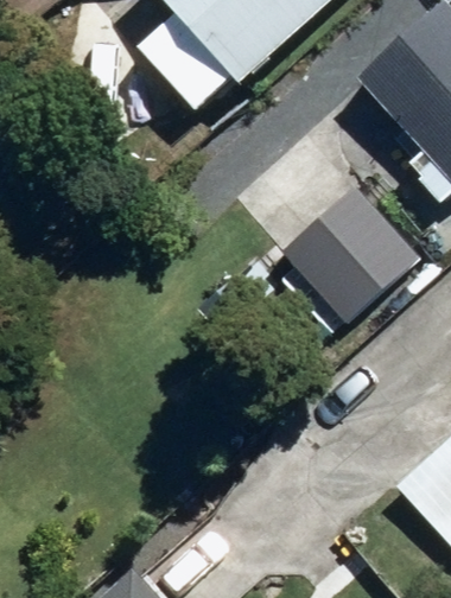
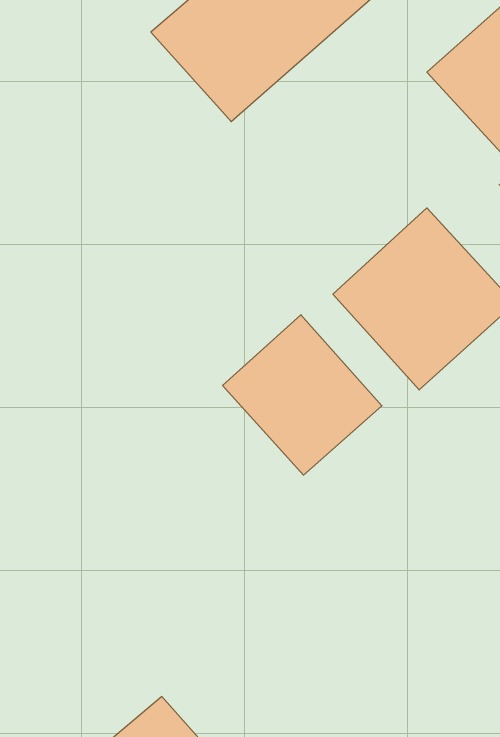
building: none -> [223,315,382,475]

